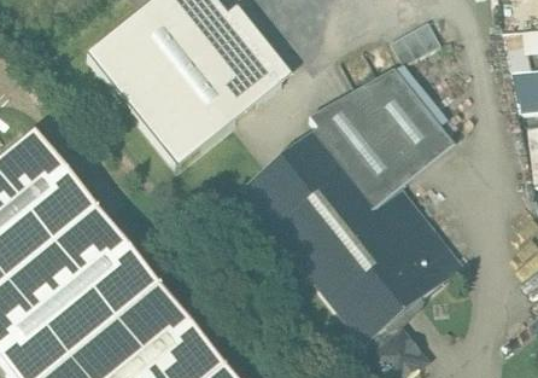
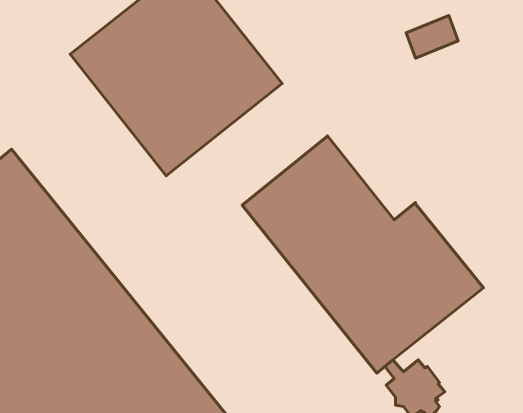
building: [311,66,457,202] -> none

